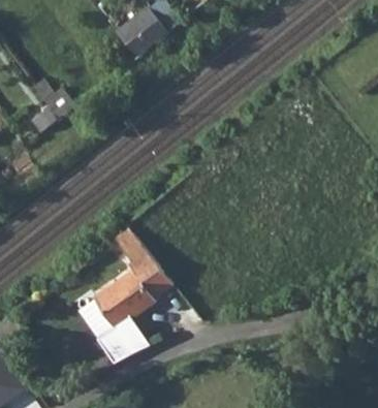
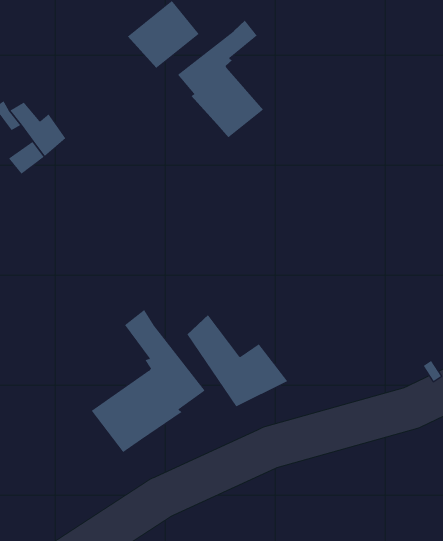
building: none -> [177,20,264,138]
building: [76,297,149,364] -> [187,314,288,407]

